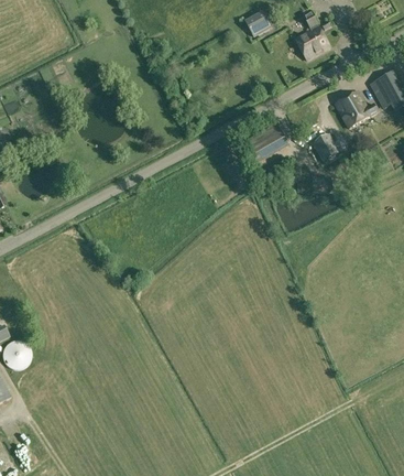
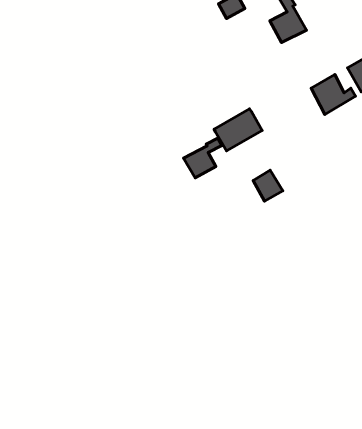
building: [312,131,340,161] -> [253,170,283,201]
building: none -> [183,138,222,178]

